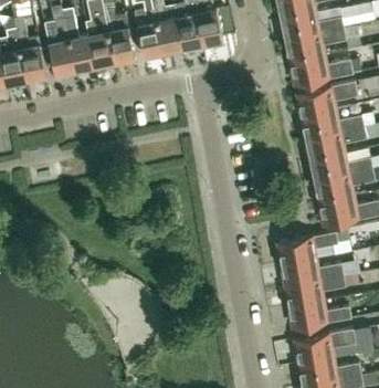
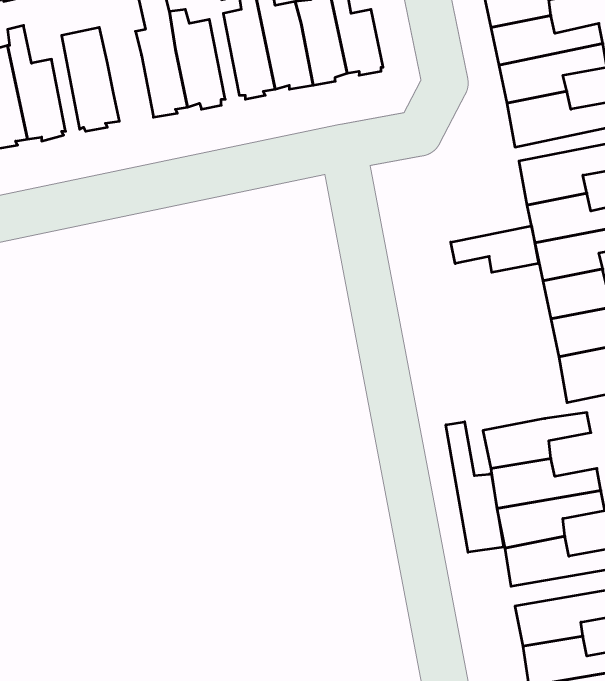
building: [65,18,95,72] -> none
building: none -> [451,226,538,272]
building: none -> [446,422,503,552]

